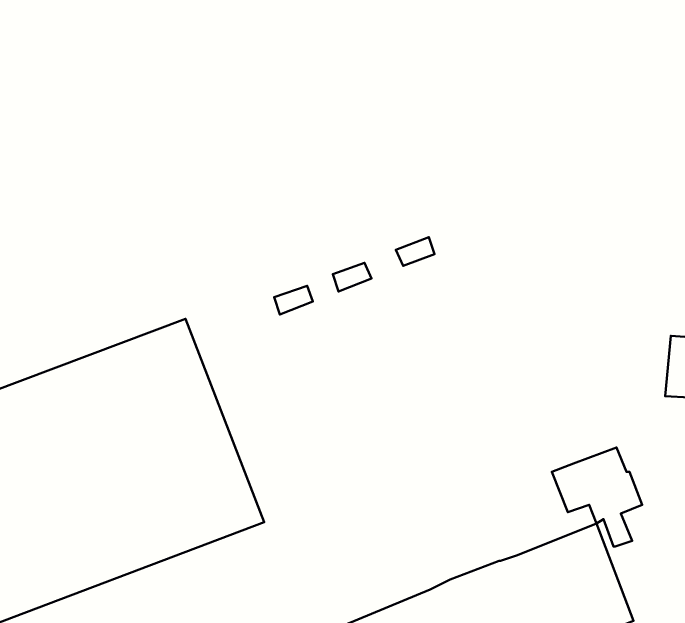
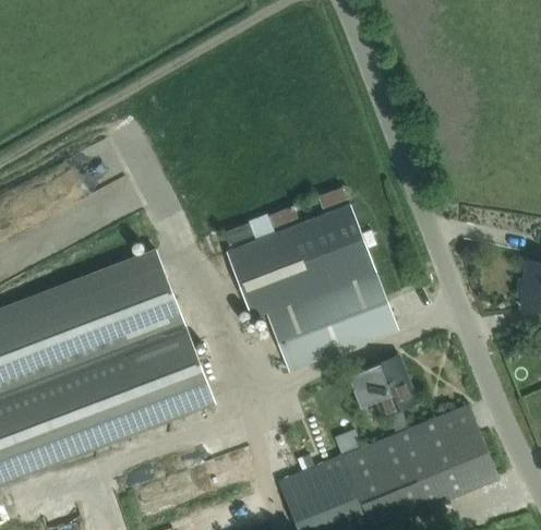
building: none -> [226,205,397,372]
building: [552,448,642,546] -> [347,358,416,433]

